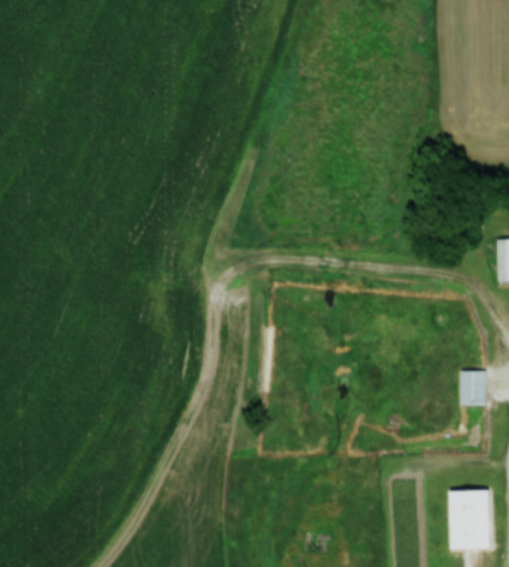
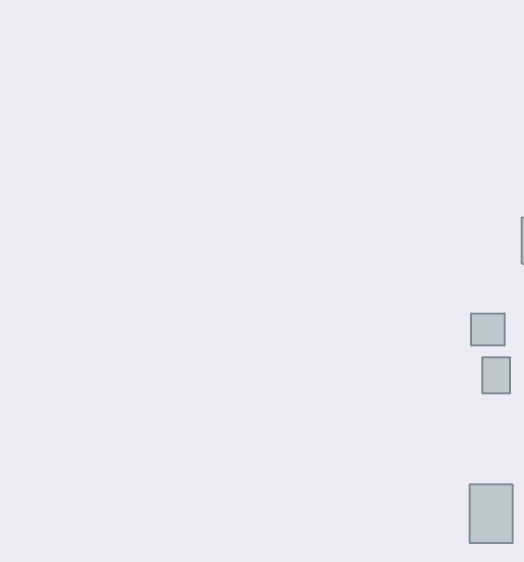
building: none -> [471,313,505,346]

